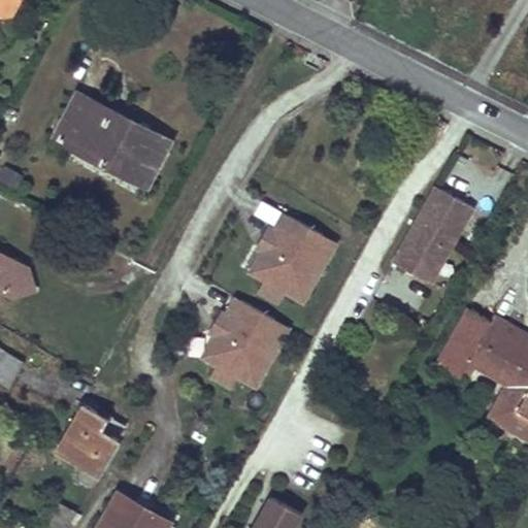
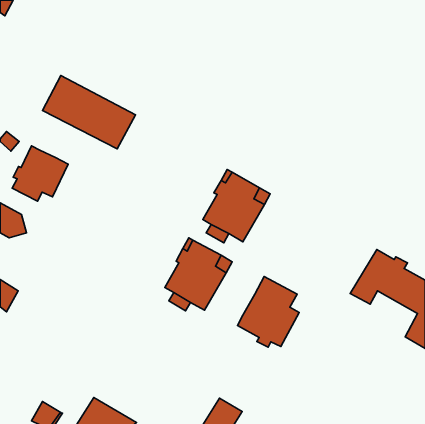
building: none -> [12,146,68,201]
building: [389,187,470,286] -> none
building: none -> [237,276,299,347]
building: [56,404,124,488] -> none

